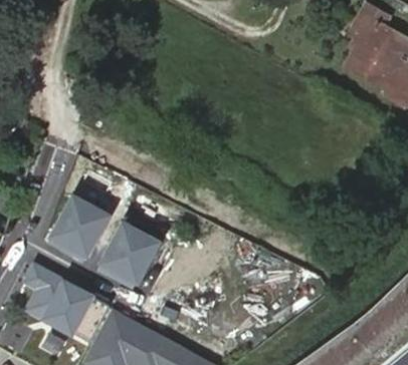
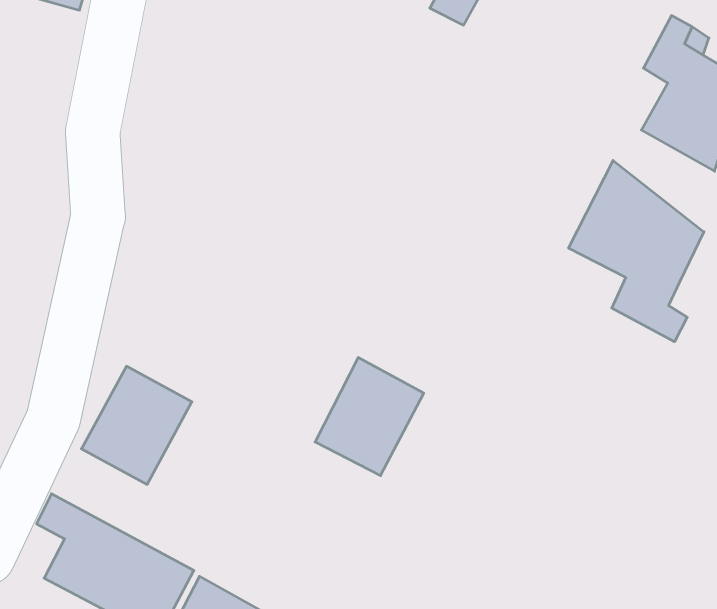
building: none -> [569,160,704,342]
building: [98,223,157,286] -> [315,358,424,476]

